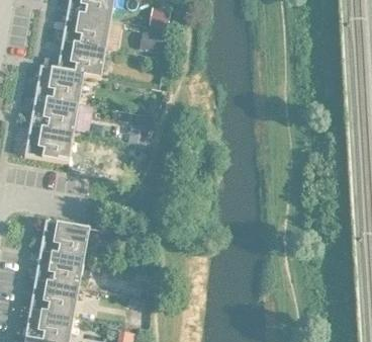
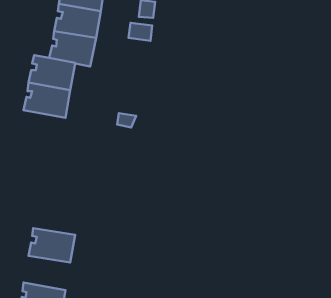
building: [24,122,74,160] -> none
building: [39,208,100,255] -> none
building: [29,277,79,314] -> none

